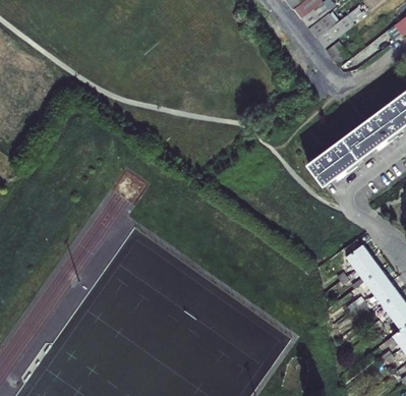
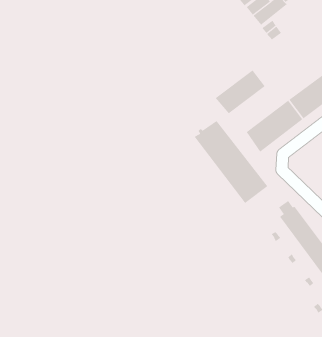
building: none -> [215,69,265,114]
building: none -> [194,120,268,204]

